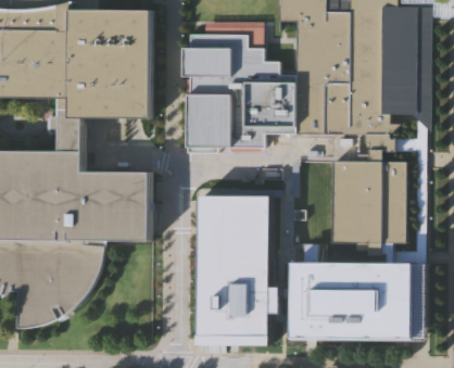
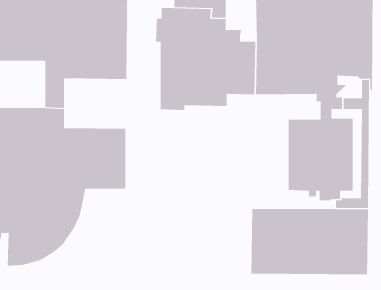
building: [197,191,281,342] -> none

